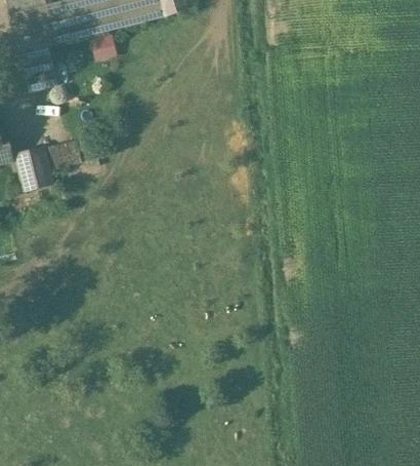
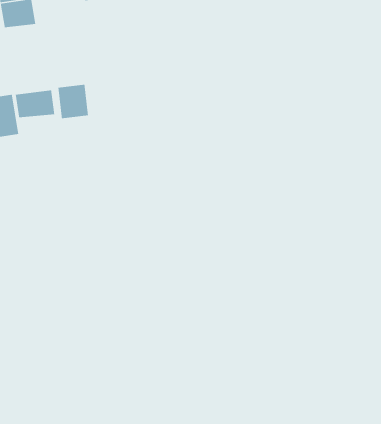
building: none -> [57,84,89,119]

